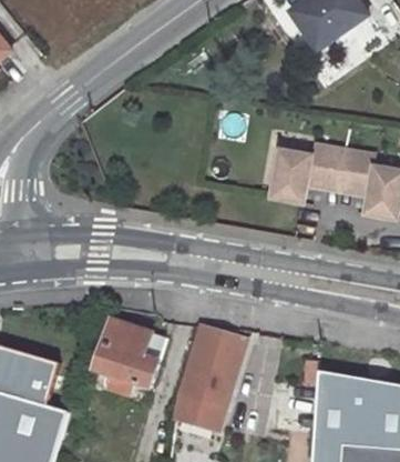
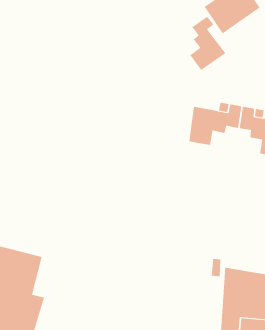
building: none -> [189,16,226,71]
building: [92,321,163,394] -> none
building: [174,327,240,430] -> none

